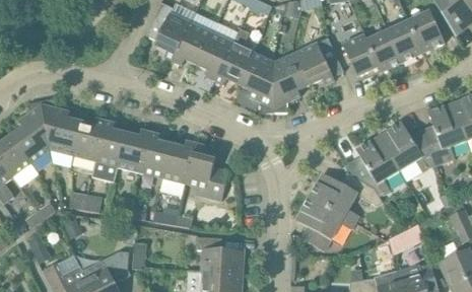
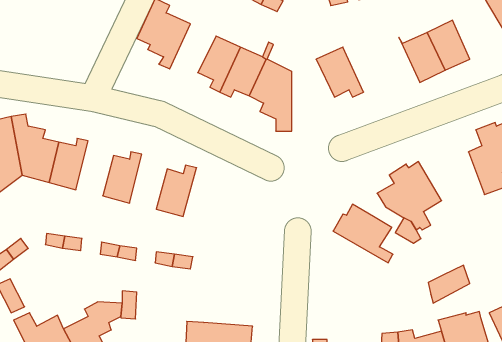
building: [409,9,446,52] -> none
building: [174,22,212,64] -> none
building: [342,33,382,75] -> none
building: [275,52,311,112] -> none
building: [91,120,127,180] -> none
building: [381,121,435,170] -> none
building: [140,131,172,176] -> none
building: [185,142,229,199] -> none
building: [298,195,355,250] -> none
building: [196,235,244,274] -> none

